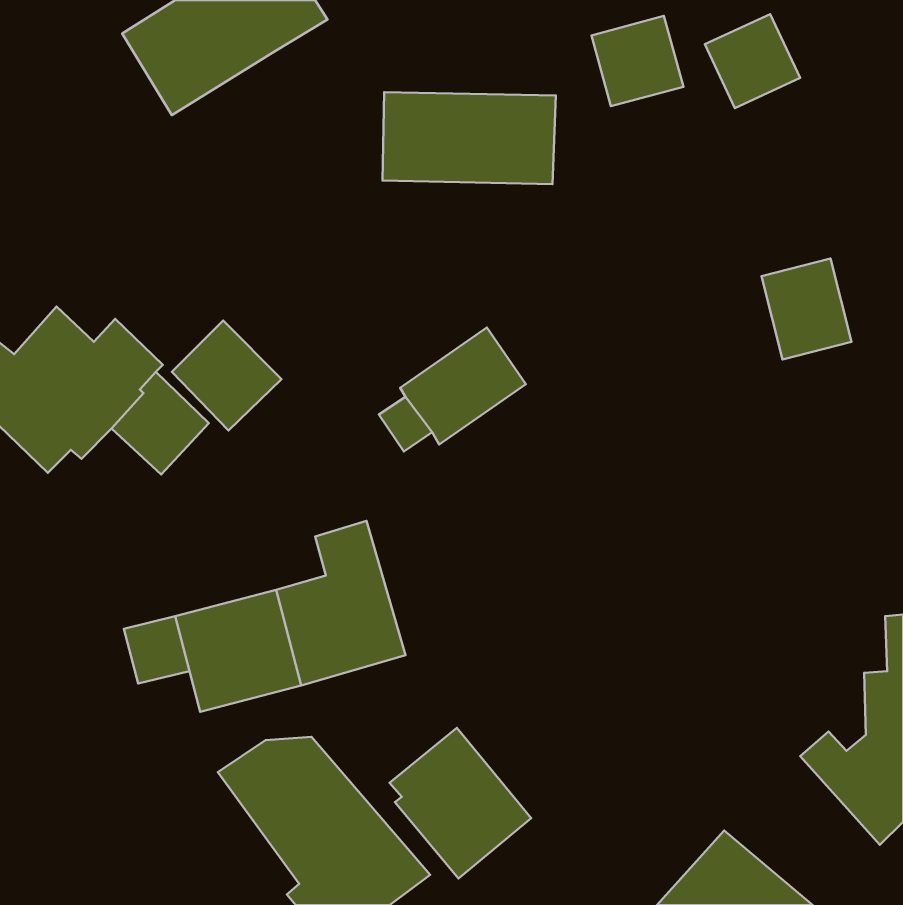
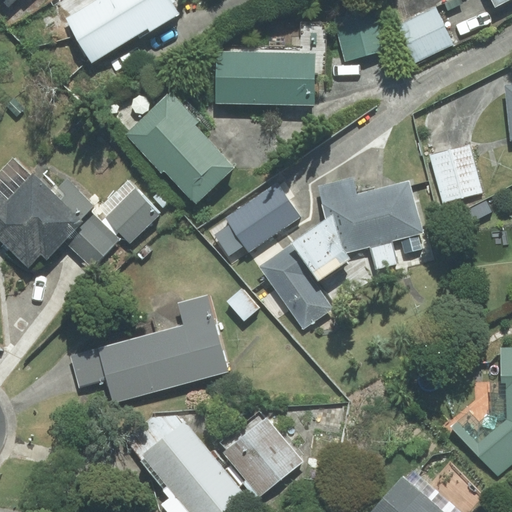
building: none -> [124,92,233,203]
building: none -> [258,176,422,330]

